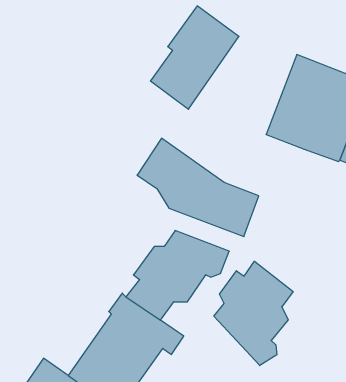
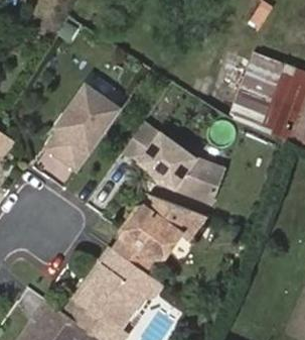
building: [150,6,239,109] -> [48,85,121,169]
building: [214,261,293,366] -> none

